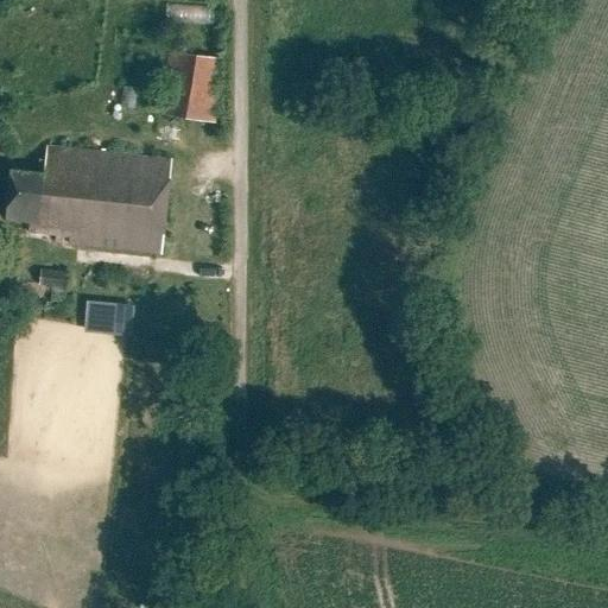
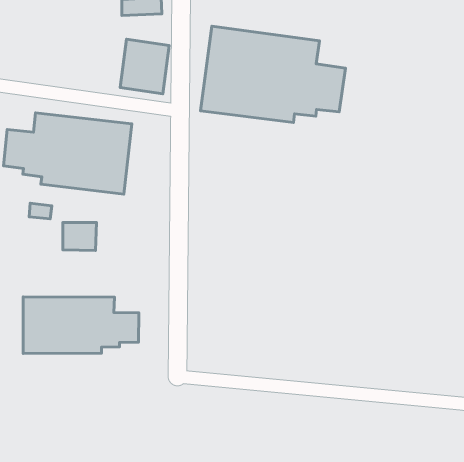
building: none -> [201,26,346,123]
building: none -> [23,297,139,353]

